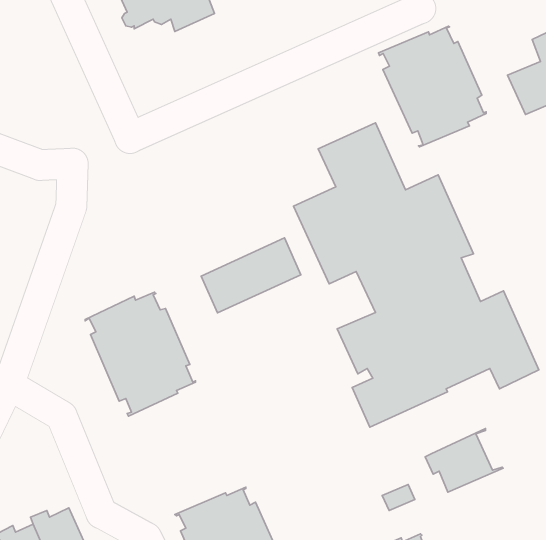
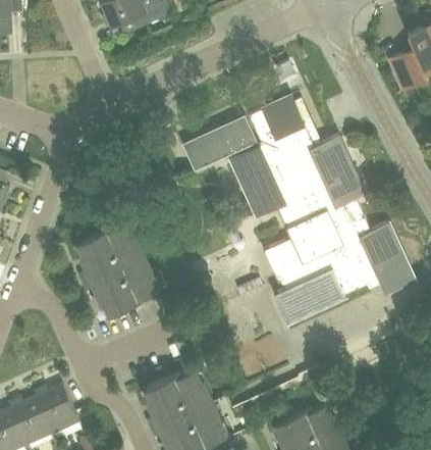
building: [378,26,486,147] -> none
building: [201,238,301,313] -> [182,114,257,170]
building: [425,429,503,492] -> none

